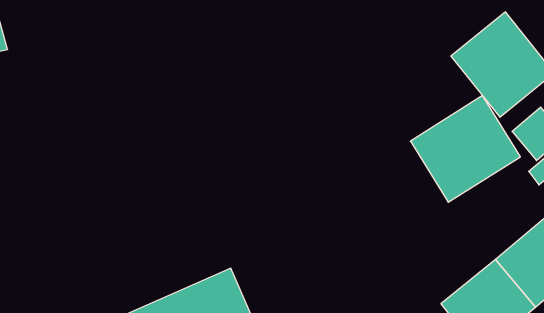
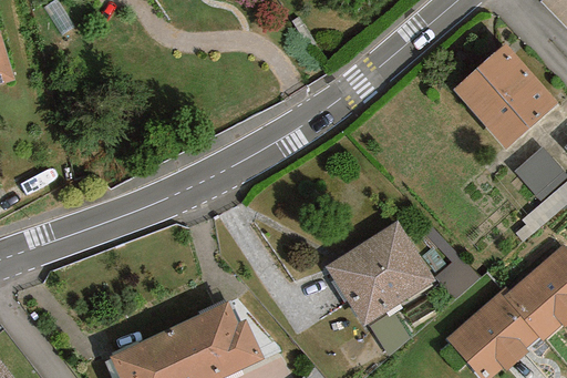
building: [410,96,520,202] -> [323,222,433,328]

